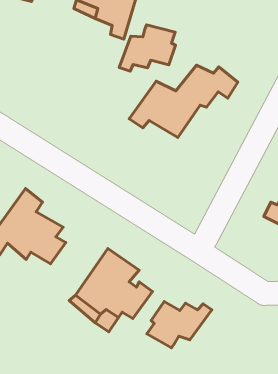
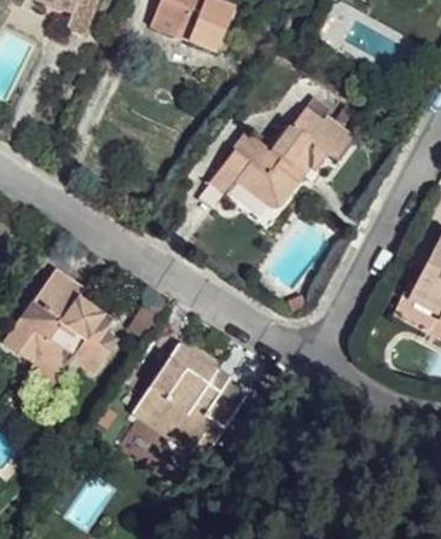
building: [119,25,176,71] -> none
building: [147,302,212,348] -> none

